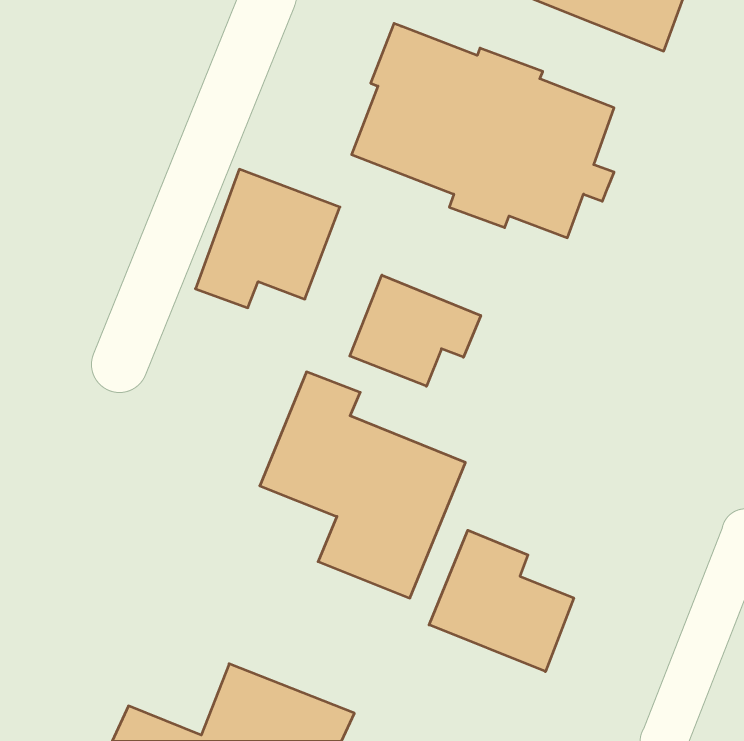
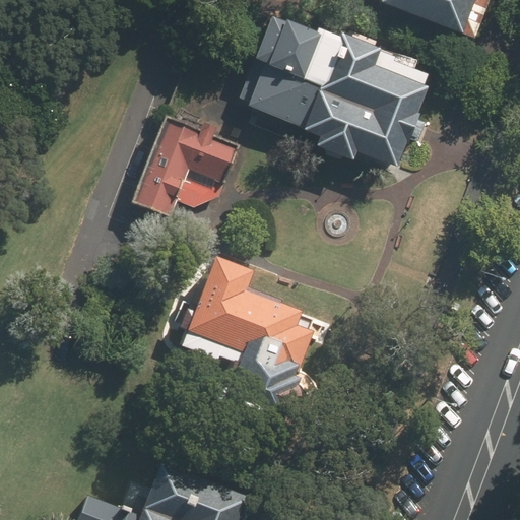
building: [350,275,481,386] -> none
building: [429,530,574,672] -> none

